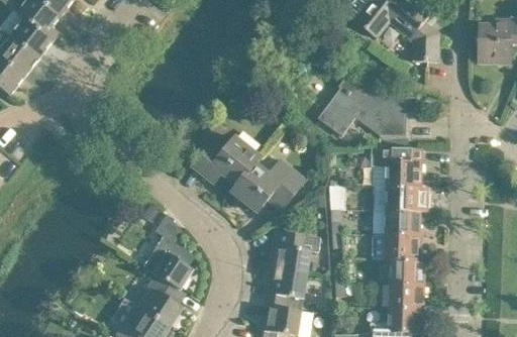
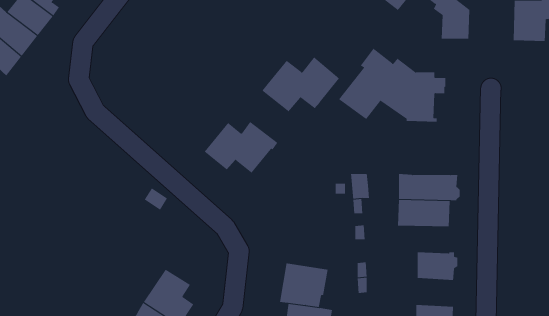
building: [371,147,422,187] -> none
building: [232,160,305,212] -> [261,57,340,112]
building: [269,230,320,274] -> none
building: [372,234,420,260] -> none
building: [143,235,194,289] -> none
building: [389,283,424,309] -> none

